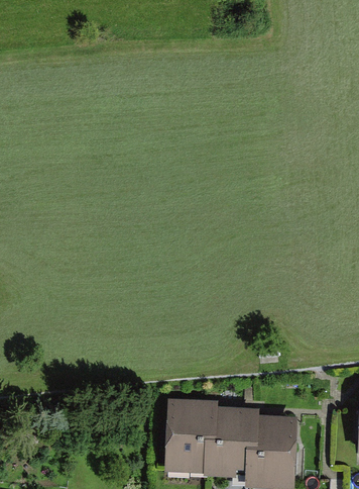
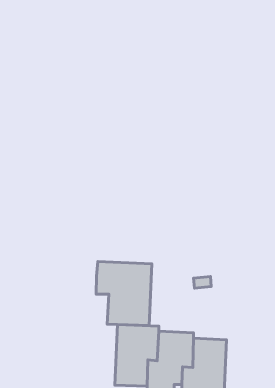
building: none -> [96,262,152,326]

